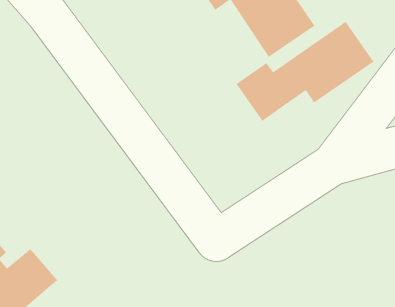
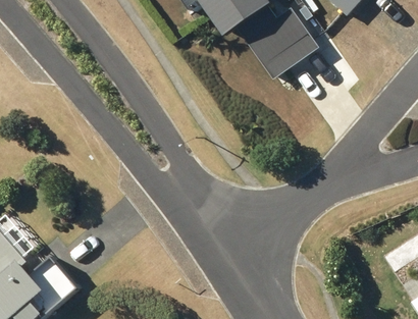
building: [236,21,374,122] -> none

